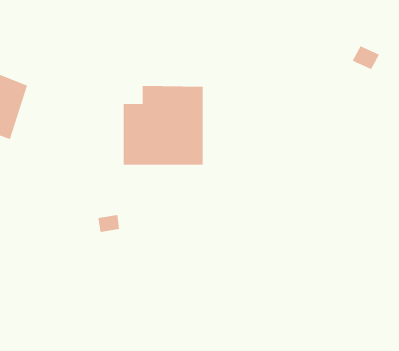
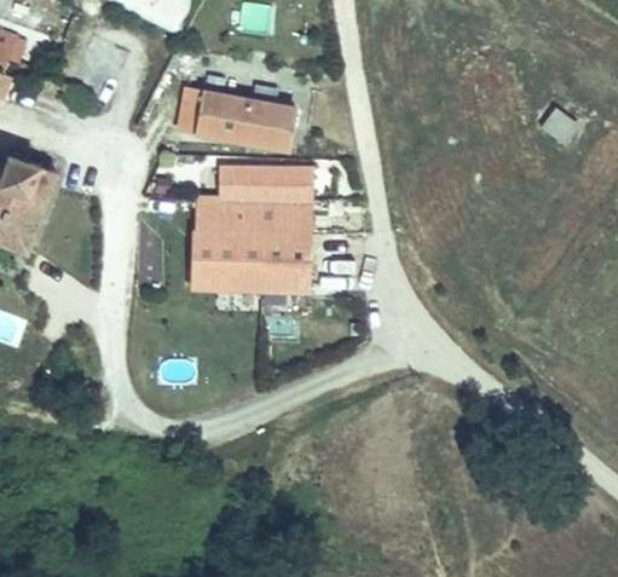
building: none -> [194,88,295,145]

